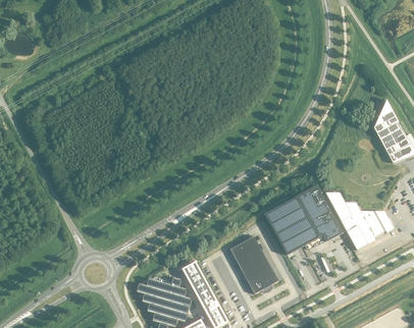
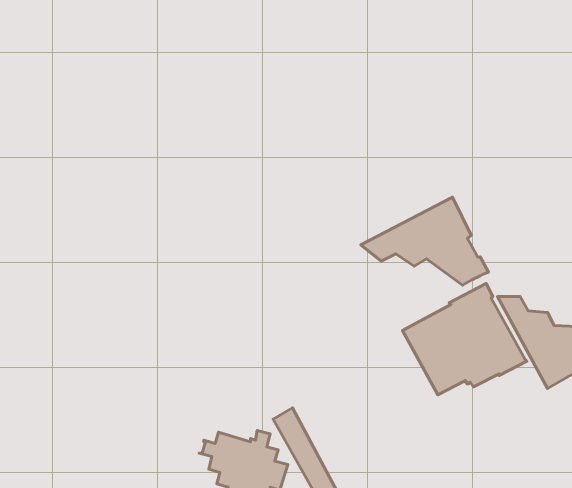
building: none -> [361,197,489,285]
building: [229,235,277,293] -> none

